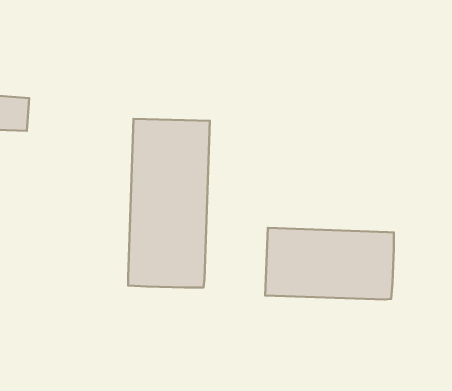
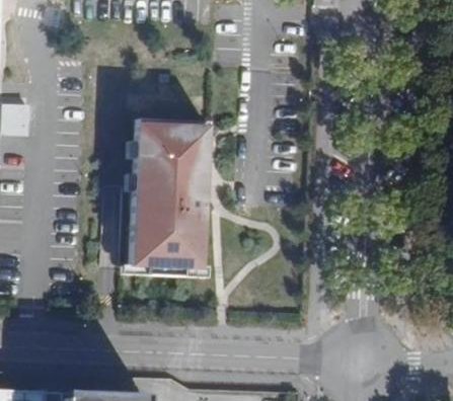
building: [265,228,394,299] -> none

